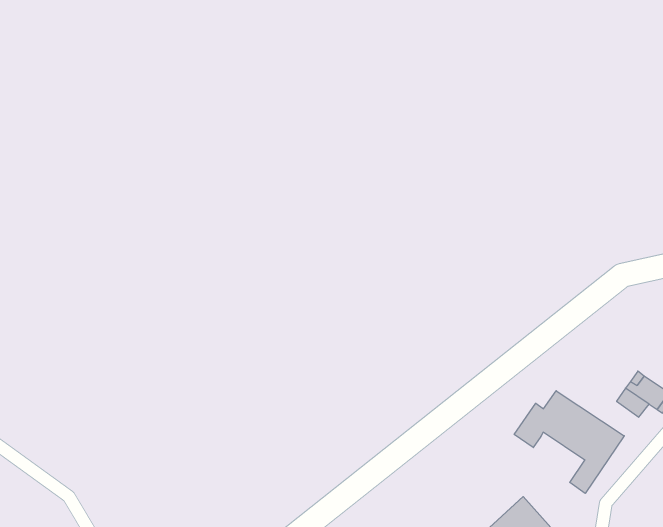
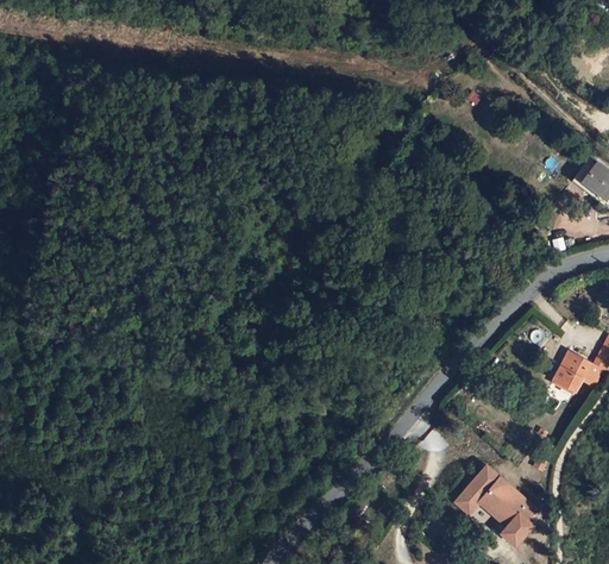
building: [514,391,624,493] -> none

